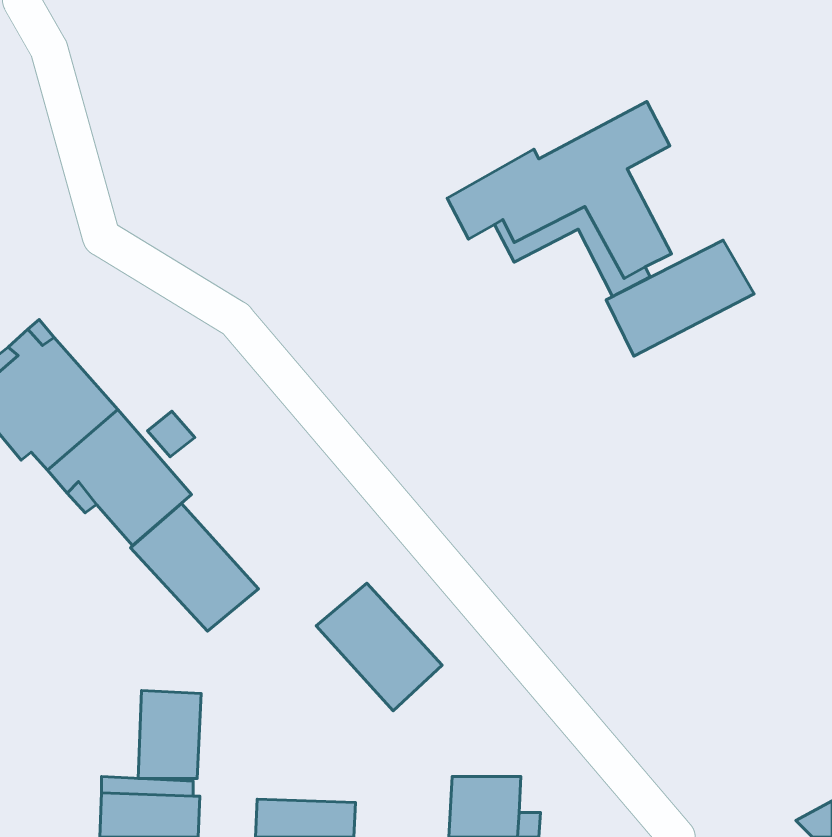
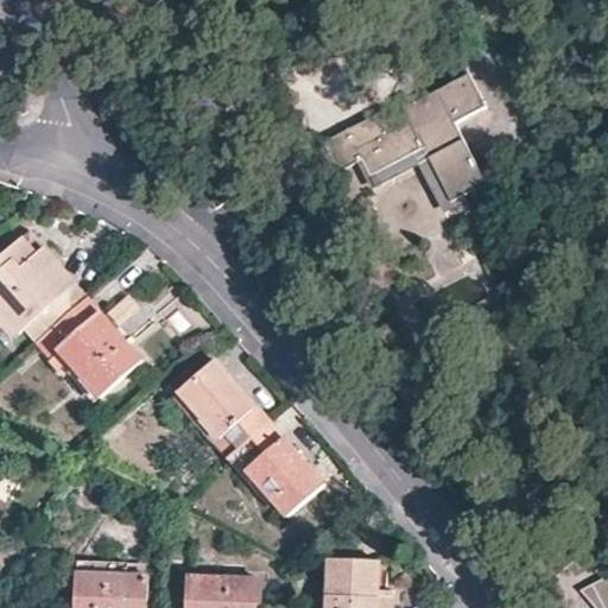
building: [606,240,754,356] -> none
building: [131,503,258,631] -> [173,361,266,454]
building: [138,691,201,779] -> none

